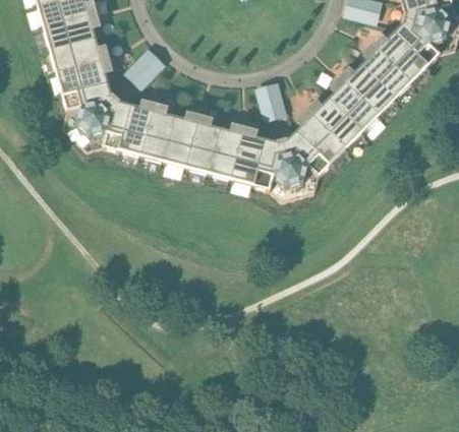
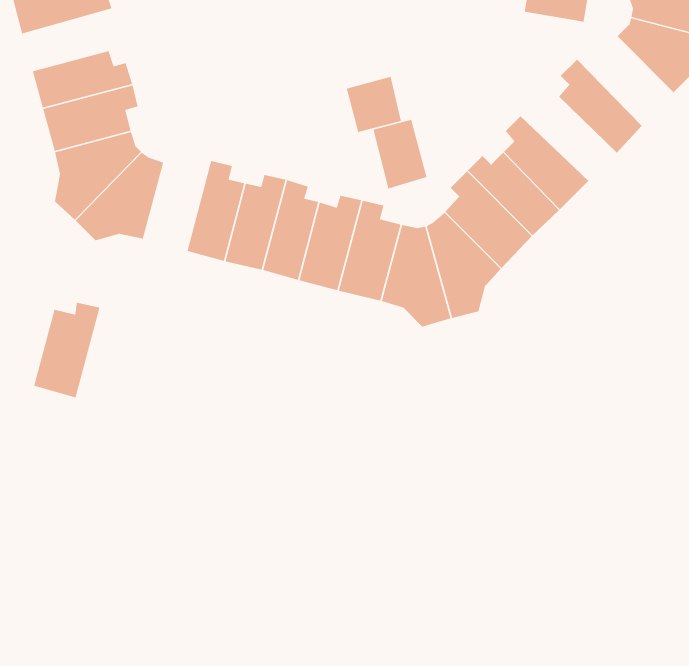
building: [45,12,102,49] -> none
building: [374,28,431,81] -> none
building: [122,44,165,86] -> none
building: none -> [346,76,402,133]
building: [340,64,397,114] -> none
building: [117,99,157,156] -> [33,302,100,398]

